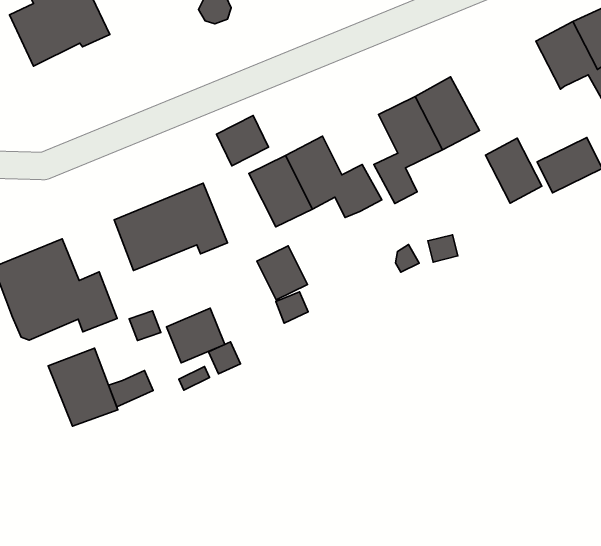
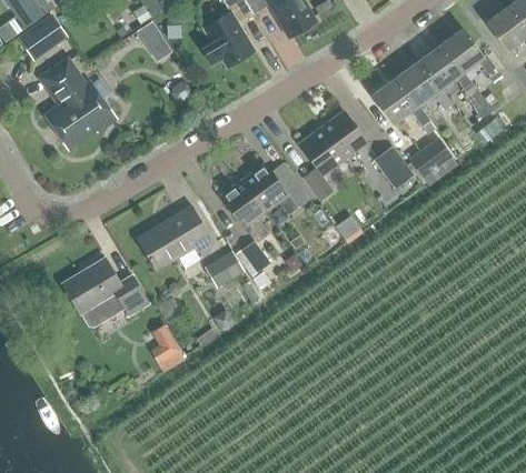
building: none -> [371,79,435,133]
building: [216,116,269,166] -> none
building: [167,308,225,363] -> [204,248,244,286]
building: [48,348,118,426] -> none

